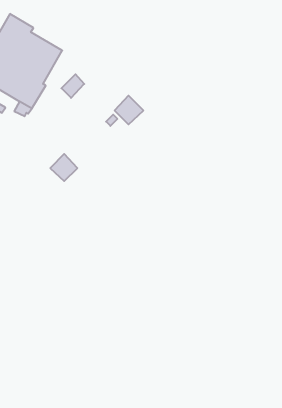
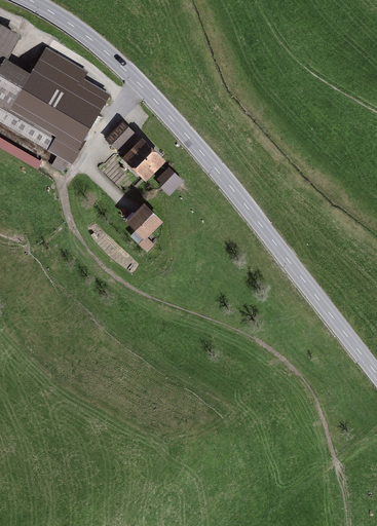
building: [115,96,143,124] -> [127,141,161,175]
building: [50,154,77,181] -> [128,203,160,235]

